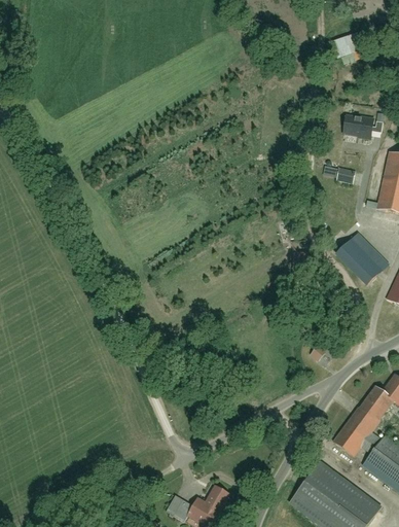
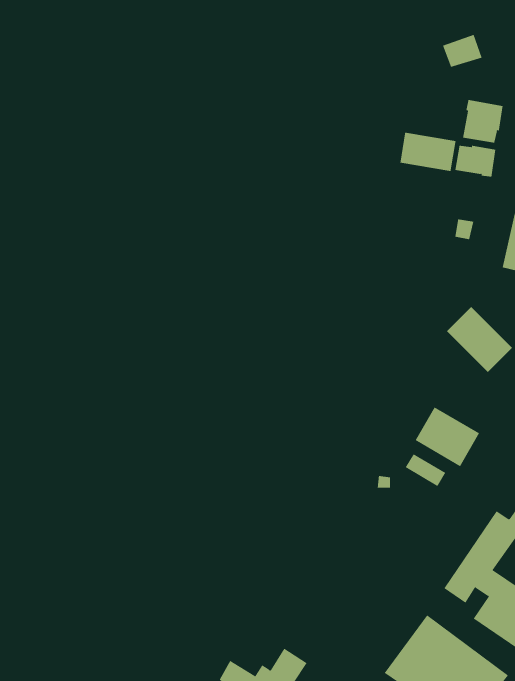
building: none -> [463,99,503,143]
building: none -> [400,132,456,172]
building: none -> [415,406,480,467]

